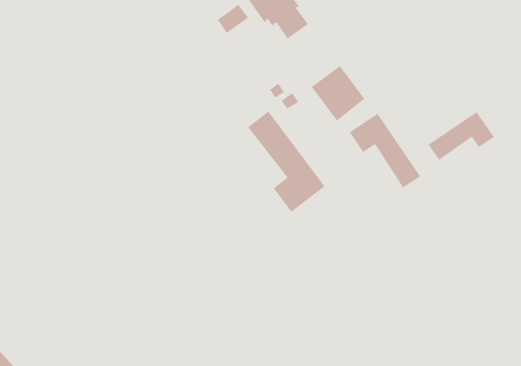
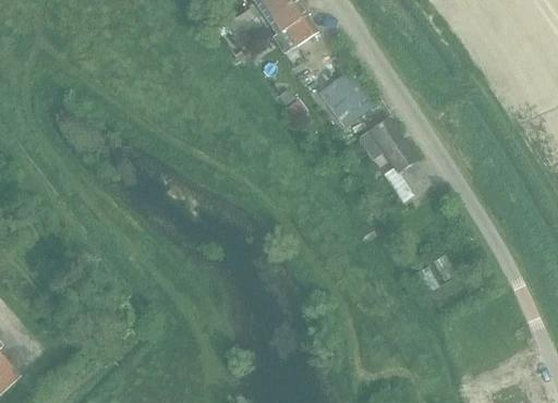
building: [247,111,326,213] -> none
building: [428,111,495,161] -> none

